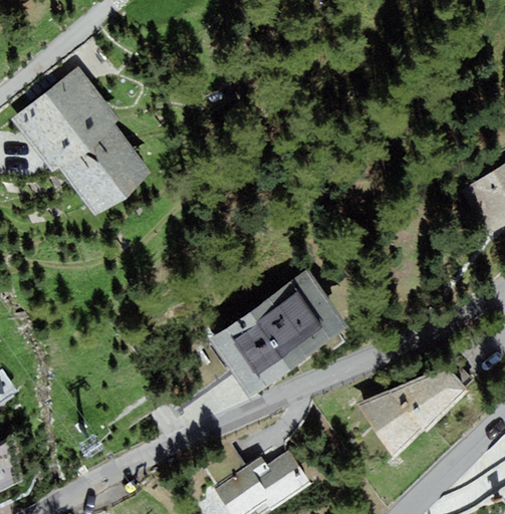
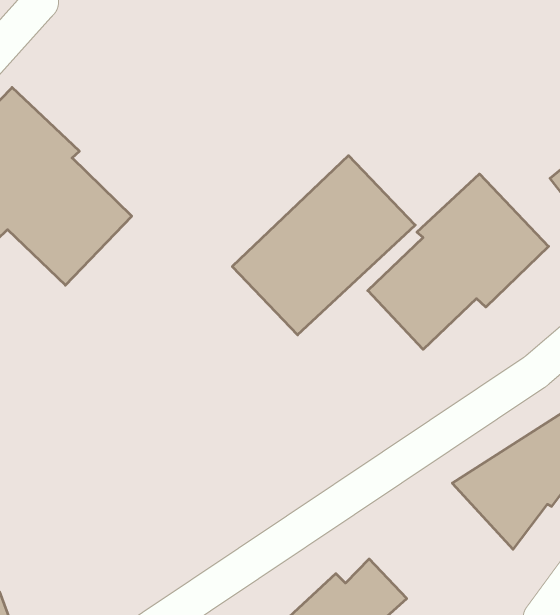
building: none -> [368,174,549,349]
building: [211,269,349,395] -> [232,156,415,335]

